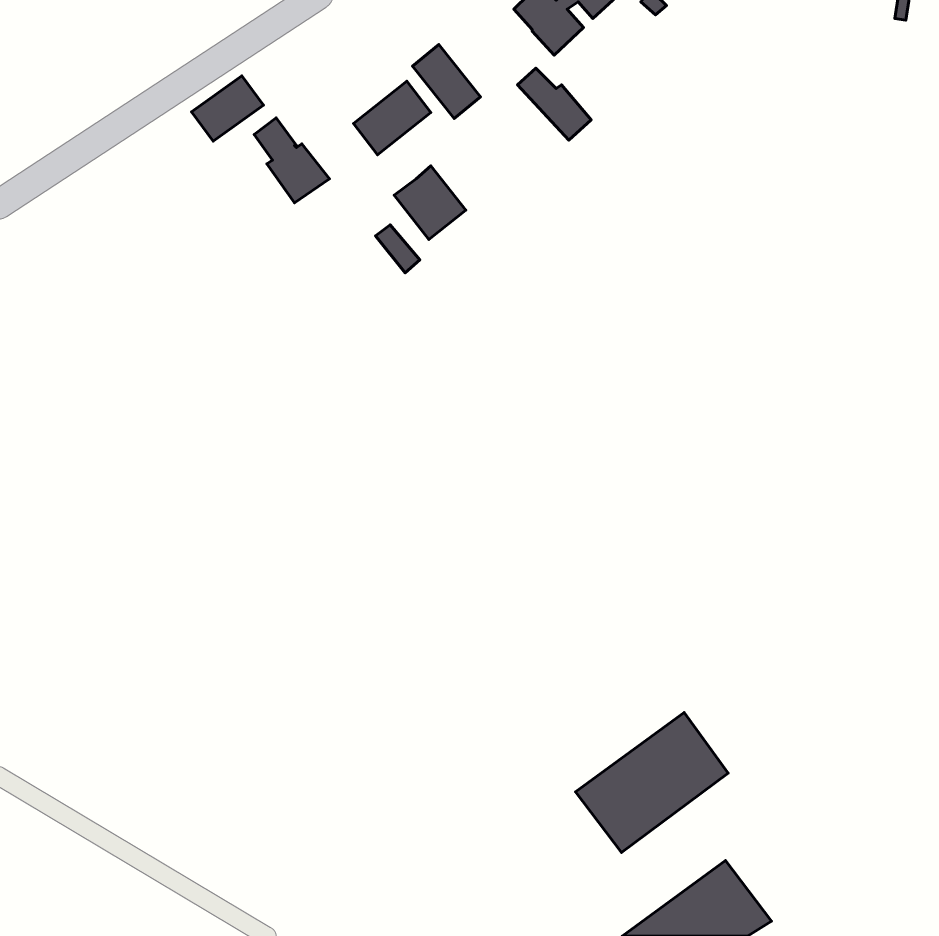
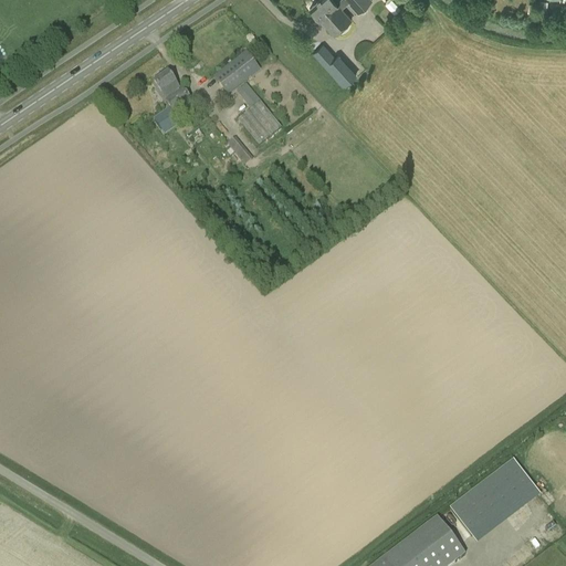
building: [413,44,480,119] -> none
building: [191,76,264,141] -> none
building: [575,712,728,853] -> [451,458,543,542]

